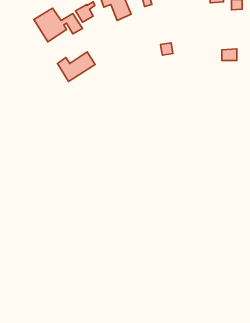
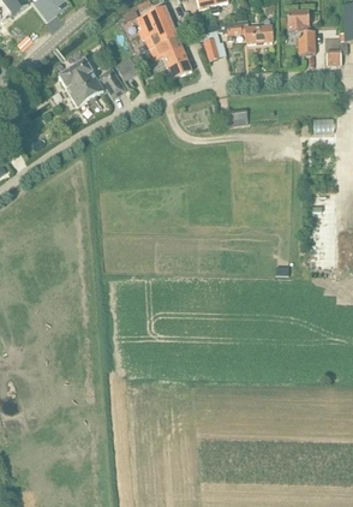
building: [57,52,95,82] -> none

